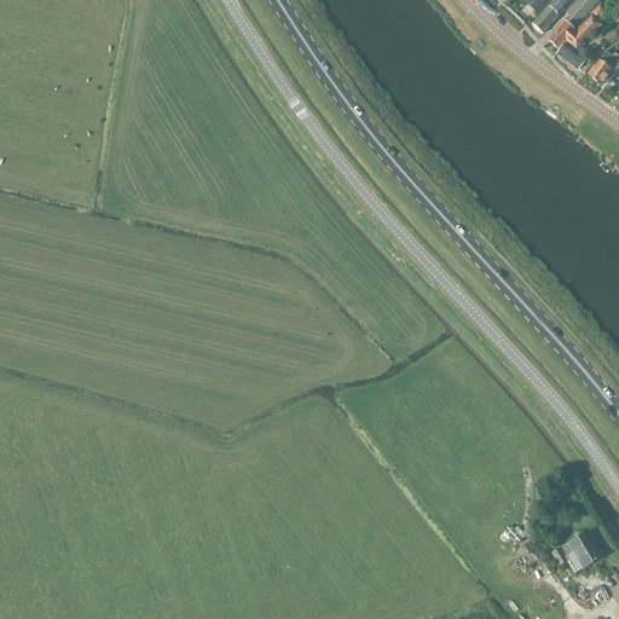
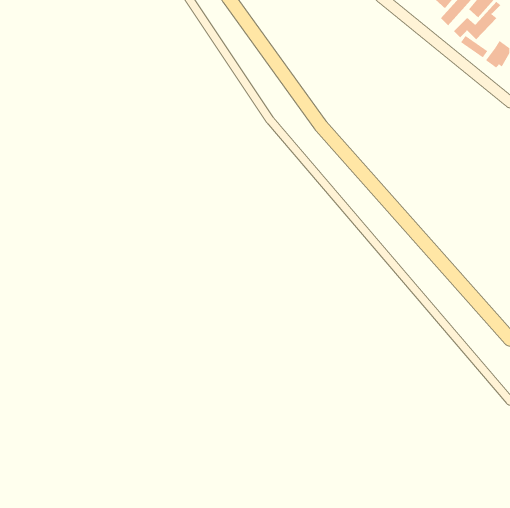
building: [551,530,598,566] -> none

